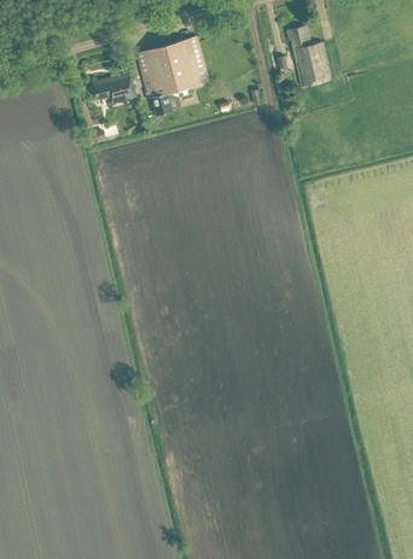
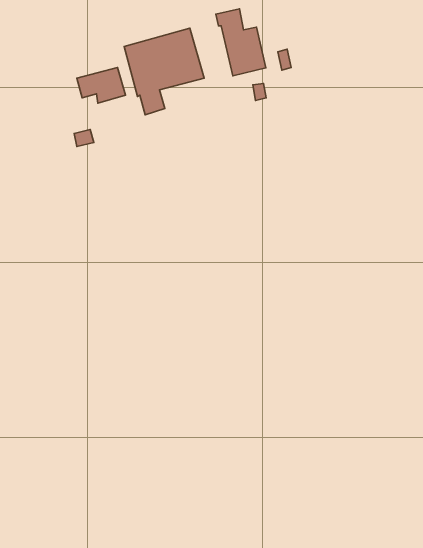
building: [285,25,331,87] -> [216,9,266,76]

